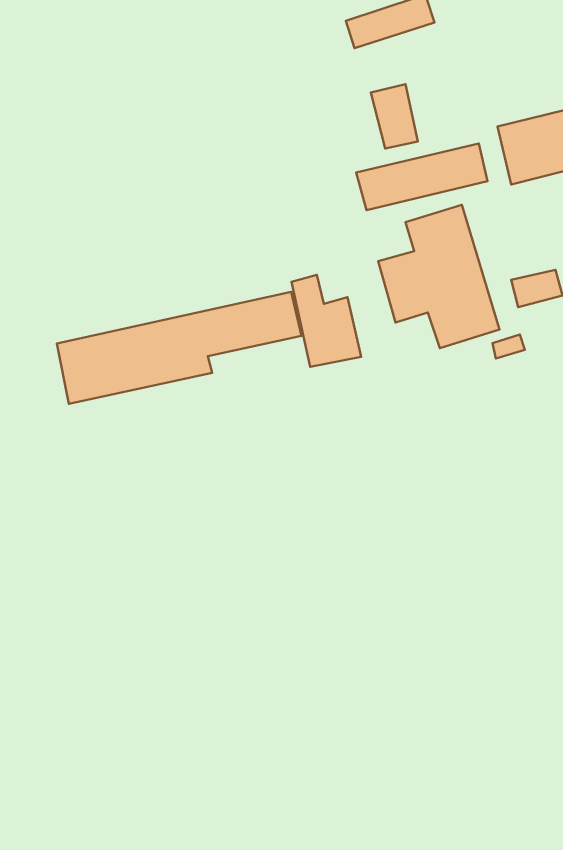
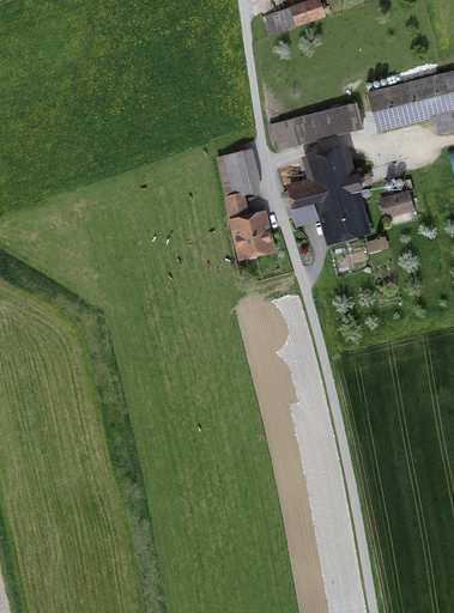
building: [371,84,418,149] -> none
building: none -> [216,147,261,198]
building: [57,292,302,404] -> none

